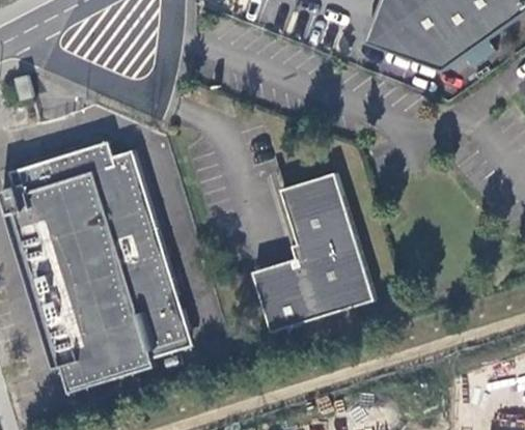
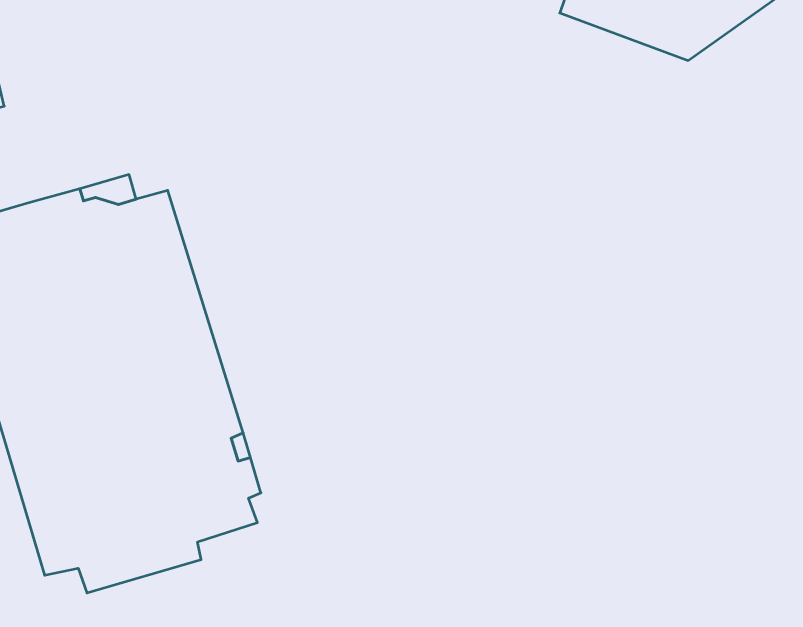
building: [251,174,372,333] -> none

